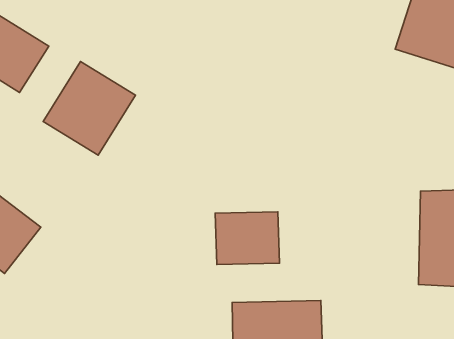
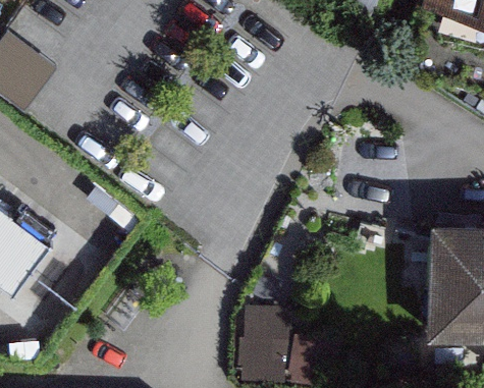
building: [43,62,136,155] -> none
building: [215,212,280,265] -> none

